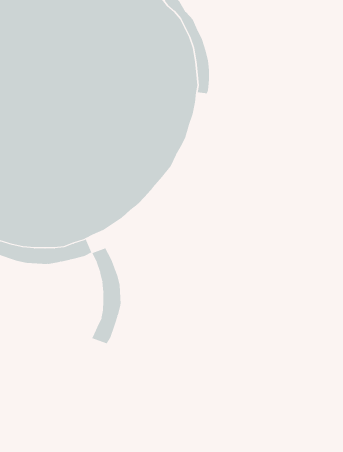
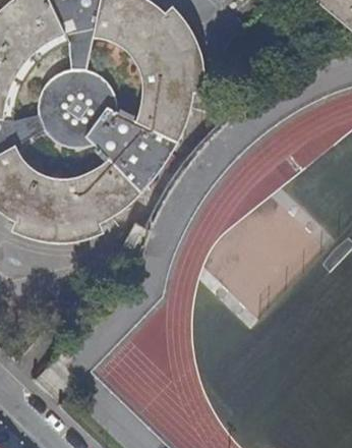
building: [91,248,121,344] -> none

